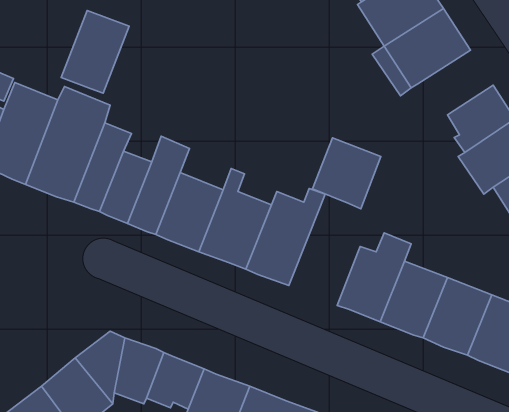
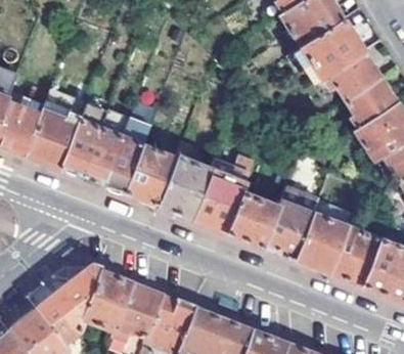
building: [61,10,129,93] -> none
building: none -> [323,50,380,99]
building: [312,138,381,209] -> [225,190,277,245]

